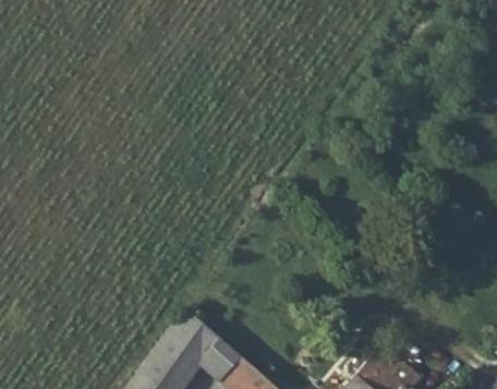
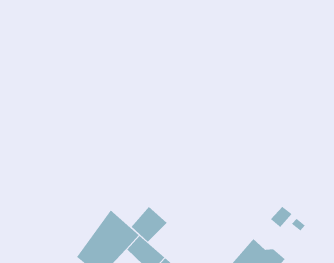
building: none -> [131,206,168,243]

